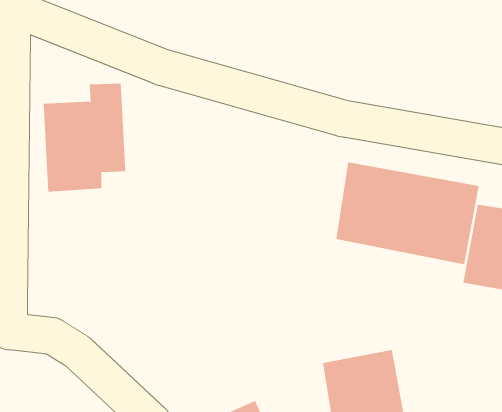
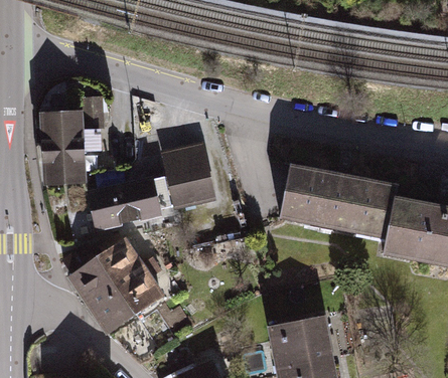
building: none -> [84,143,216,229]
building: none -> [68,235,164,332]

